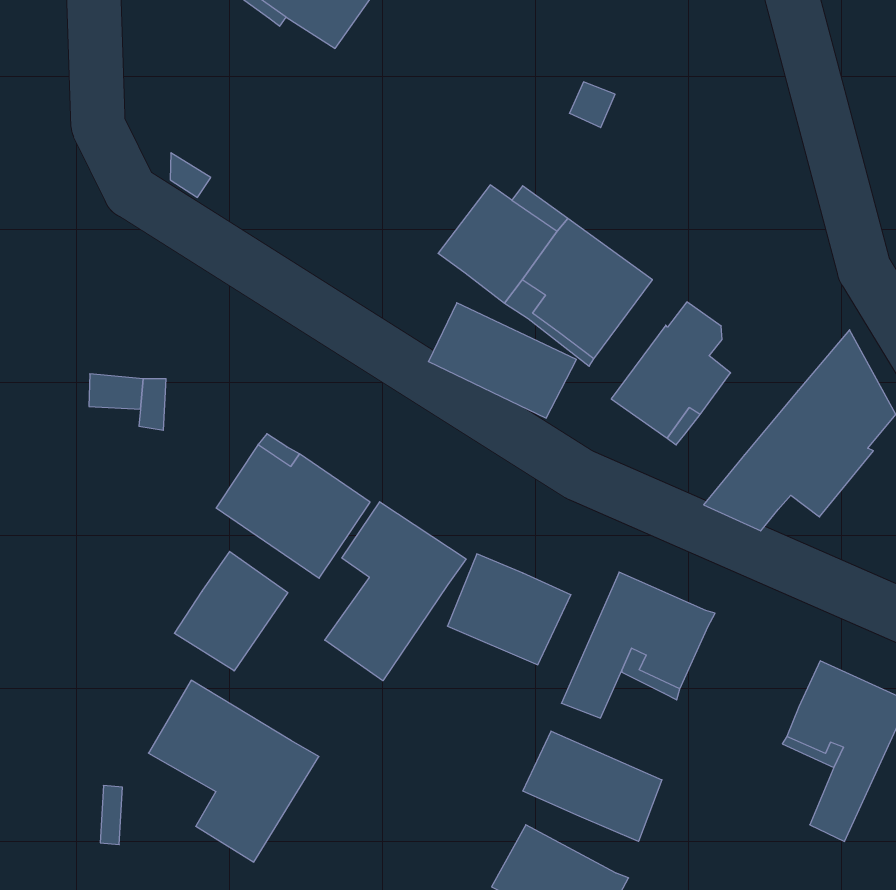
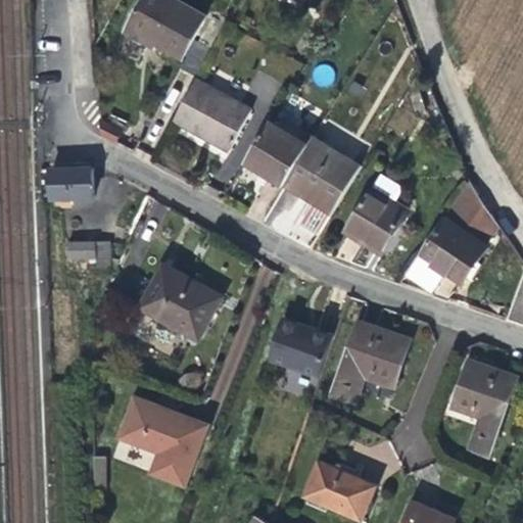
building: none -> [172,78,249,150]
building: none -> [49,168,92,208]
building: [325,502,466,681] -> none
building: [174,551,288,671] -> none
building: [523,731,662,841] -> none

